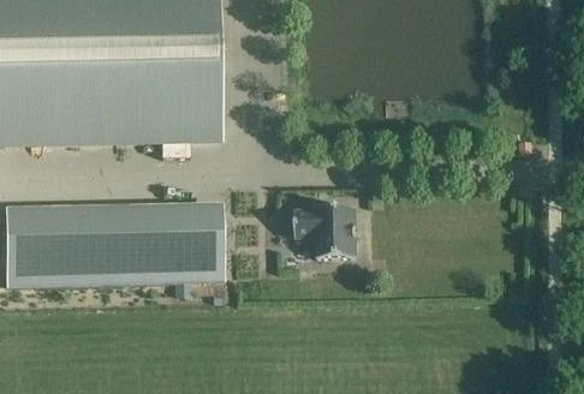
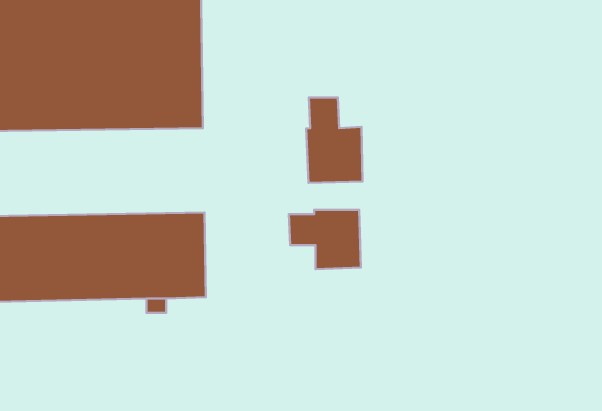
building: none -> [306,98,362,183]

